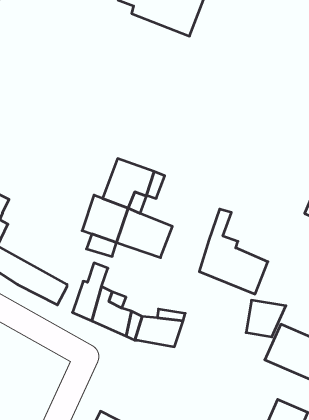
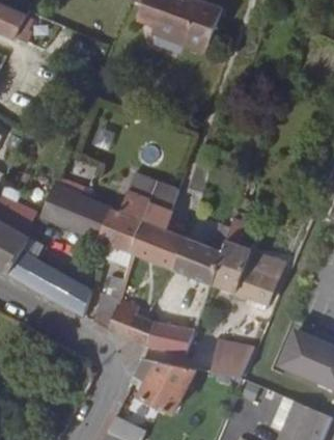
building: none -> [43,185,113,241]
building: none -> [177,237,224,280]
building: [246,300,286,337] -> [217,343,255,379]
building: none -> [139,363,192,412]

